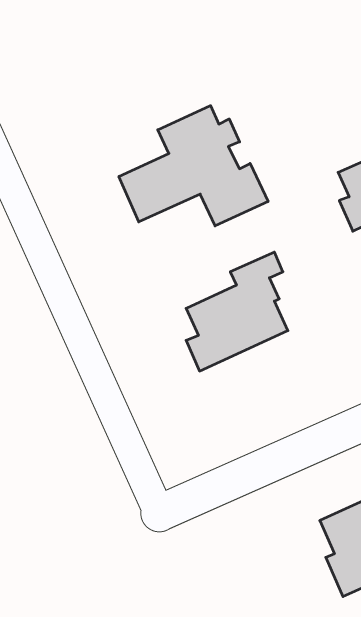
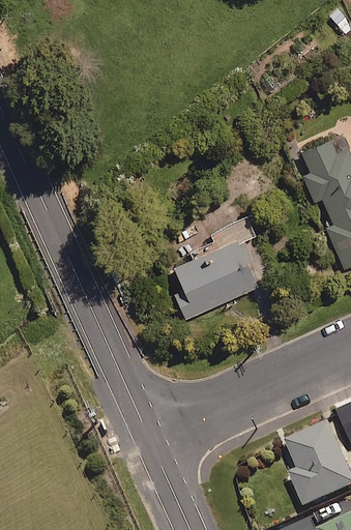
building: [119,106,268,226] -> none

